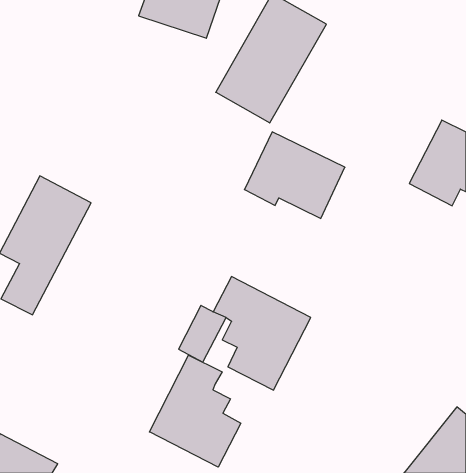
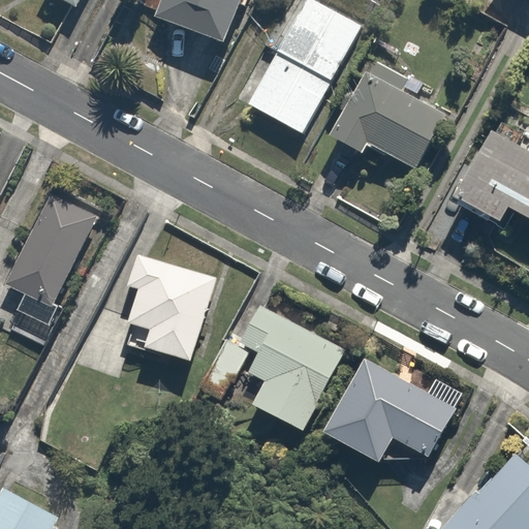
building: [244,132,345,218] -> [332,72,443,168]
building: none -> [123,254,217,362]
building: none -> [325,355,461,465]
building: [149,355,241,467] -> none

